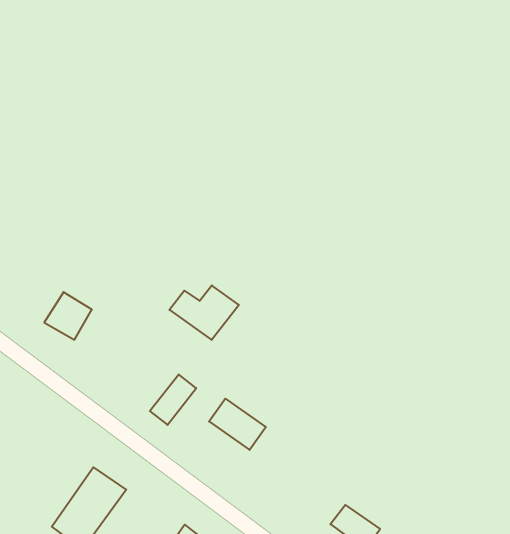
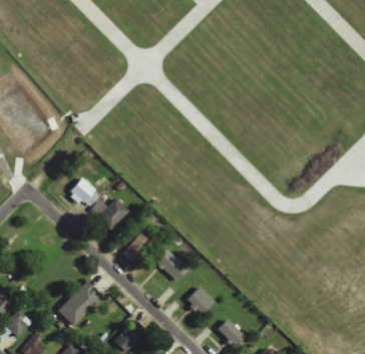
building: [169,285,239,340] -> [89,199,129,230]
building: none -> [186,286,215,315]

